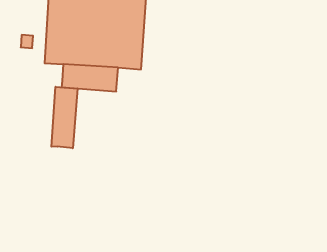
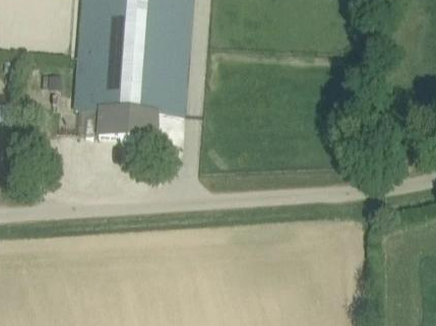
building: [51,87,78,148] -> none

